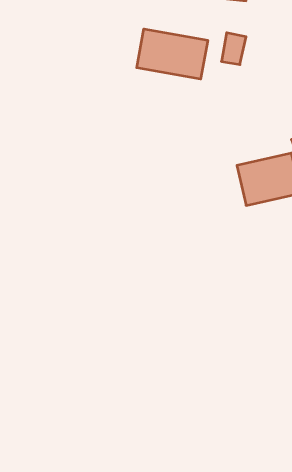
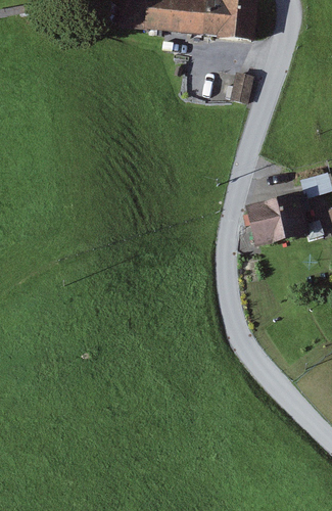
building: [137,29,208,79] -> none

